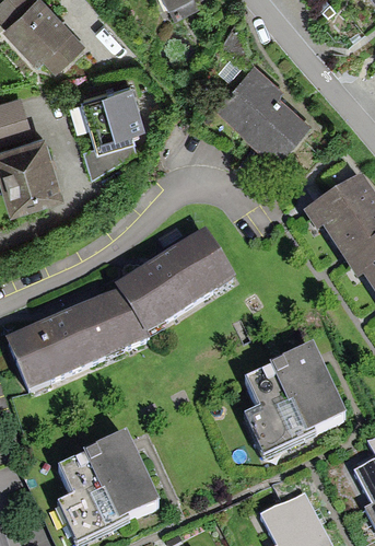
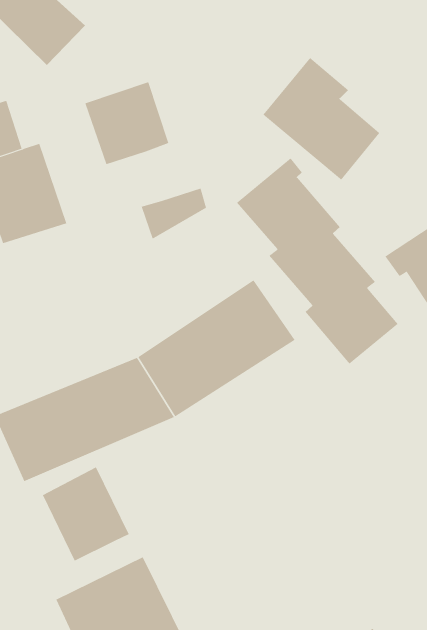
building: [81,132,131,172] -> [141,188,207,239]
building: none -> [236,157,399,365]
building: [231,353,332,462] -> none
building: none -> [42,467,129,562]

